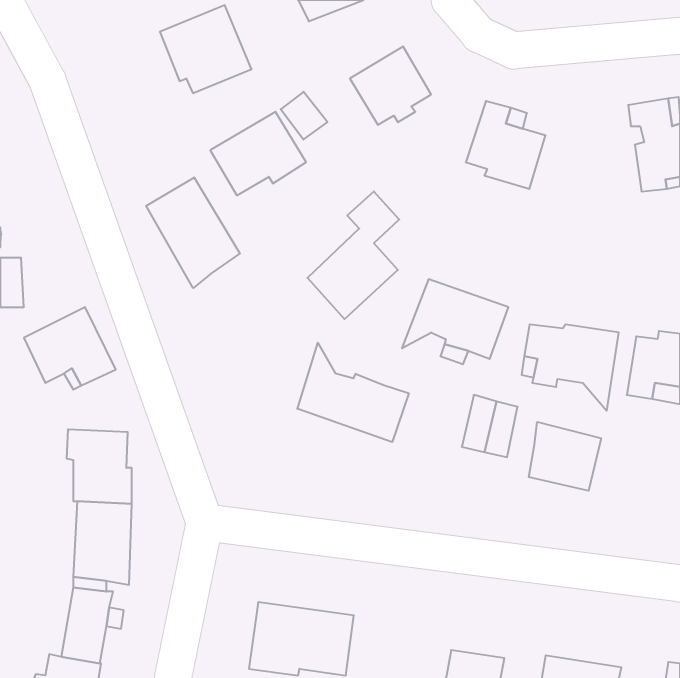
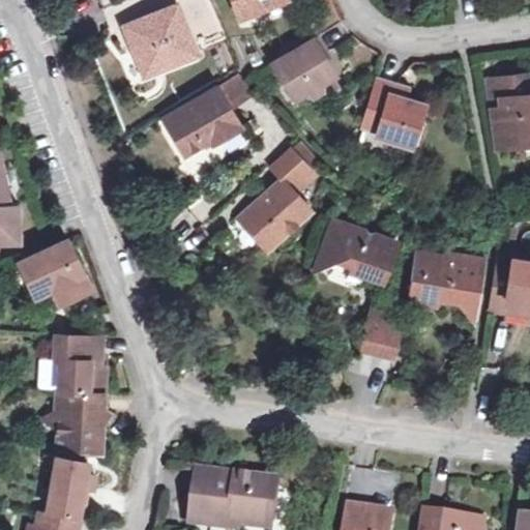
building: [146,177,240,288] -> none
building: [297,343,409,442] -> none
building: [529,422,601,491] -> none

